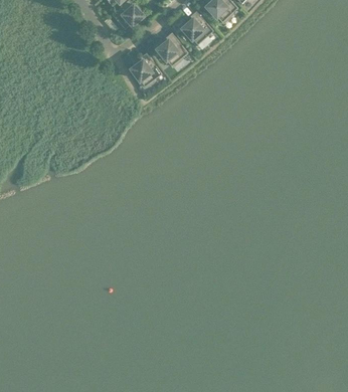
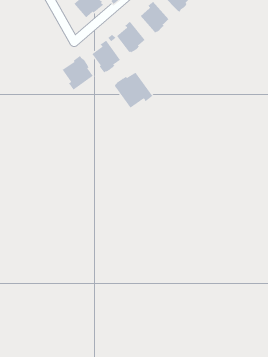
building: none -> [62,55,94,91]
building: none -> [114,72,153,109]

